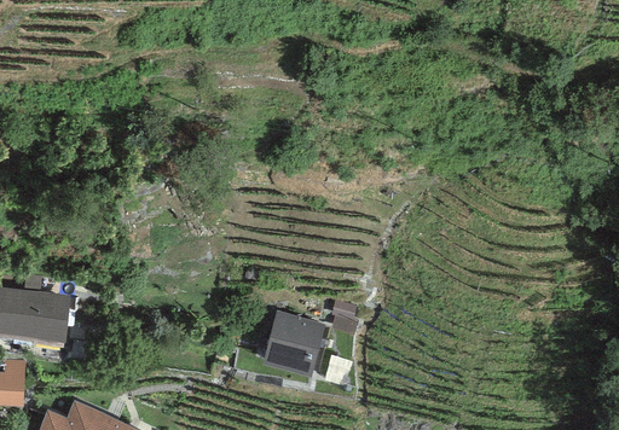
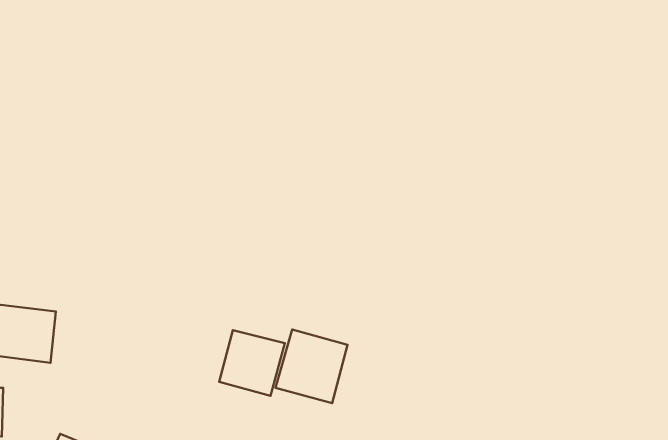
building: none -> [219,330,285,396]

